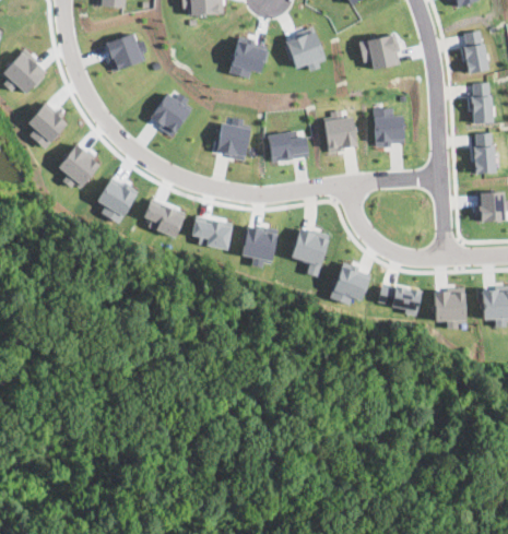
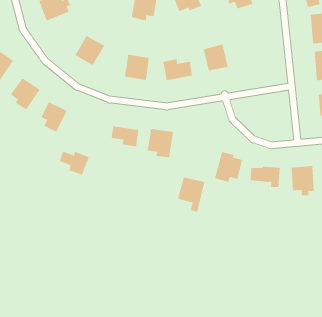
building: [376,116,406,145] -> none
building: [144,202,186,237] -> [59,151,89,175]
building: [291,227,330,276] -> [177,177,205,212]

